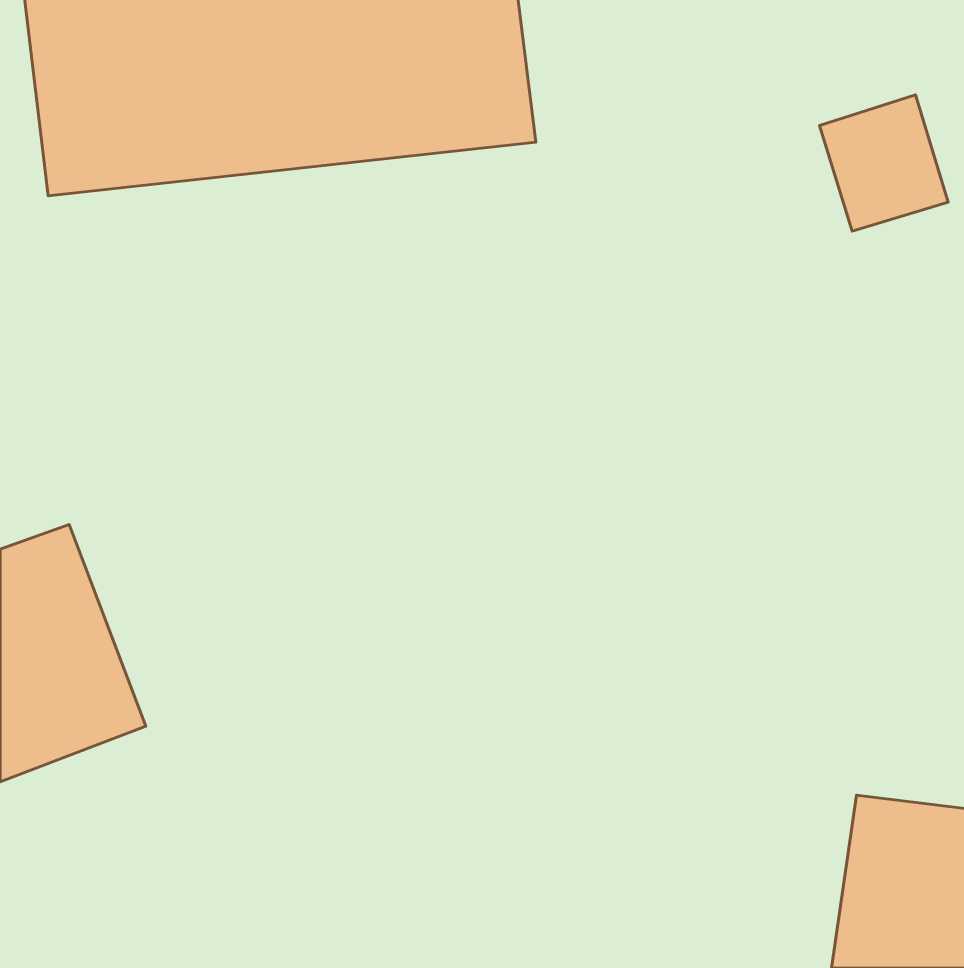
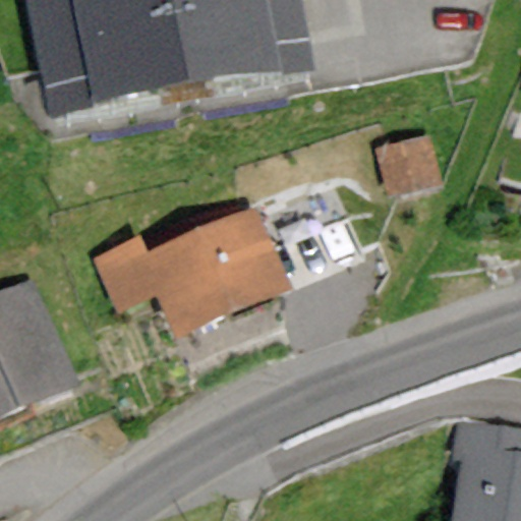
building: [819,95,948,231] -> [372,122,441,194]
building: none -> [90,206,288,349]

